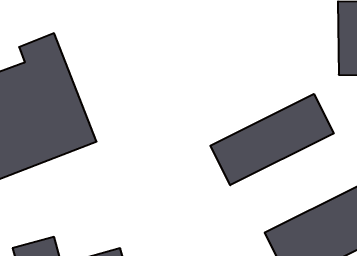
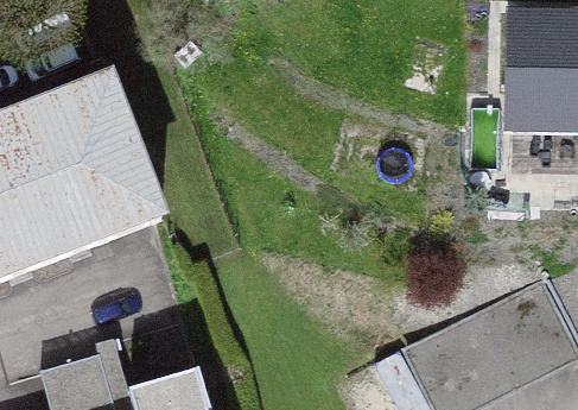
building: [210,94,334,185] -> none

